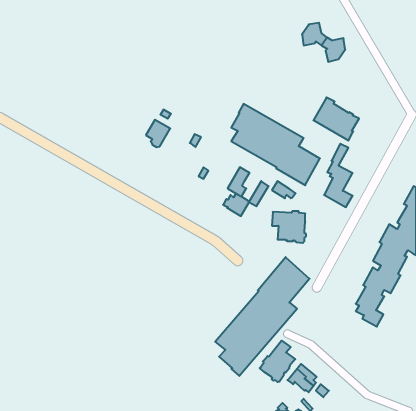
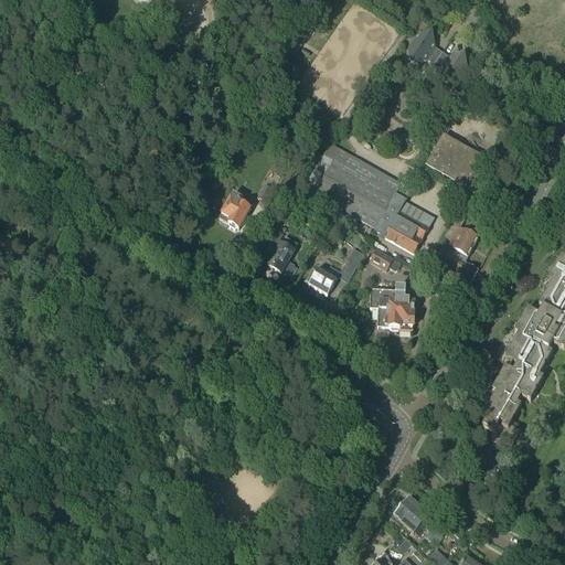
building: [146,120,170,147] -> [220,190,253,227]
building: [228,167,250,196] -> [268,234,298,274]
building: [215,257,310,376] -> none
building: [260,341,295,382] -> none

